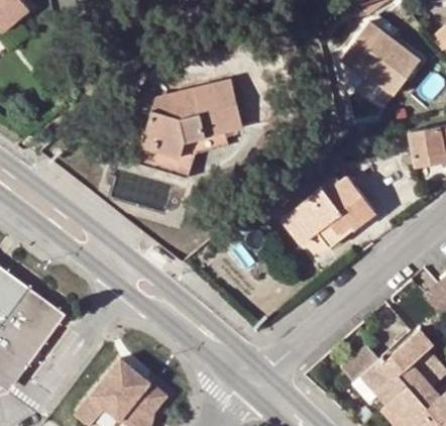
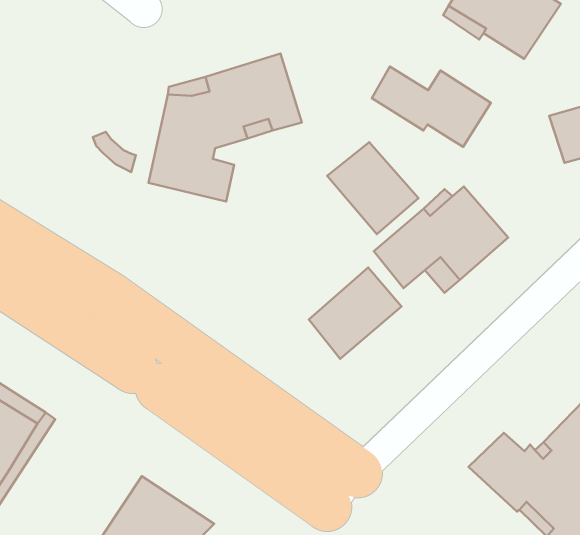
building: none -> [372,66,491,147]
building: none -> [327,142,419,234]
building: none -> [309,267,402,359]

